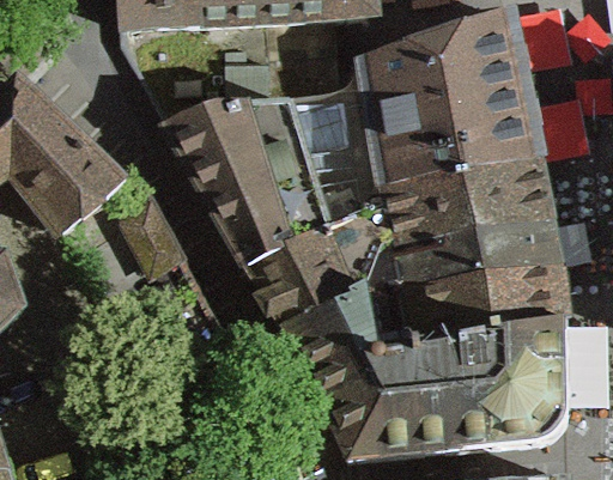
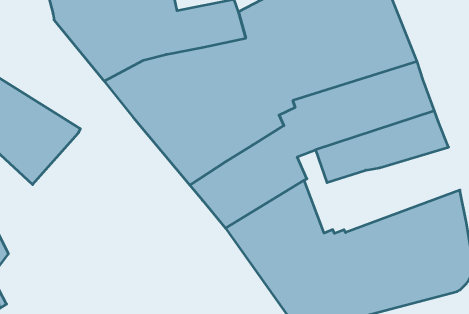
building: [396,273,564,353] -> none

